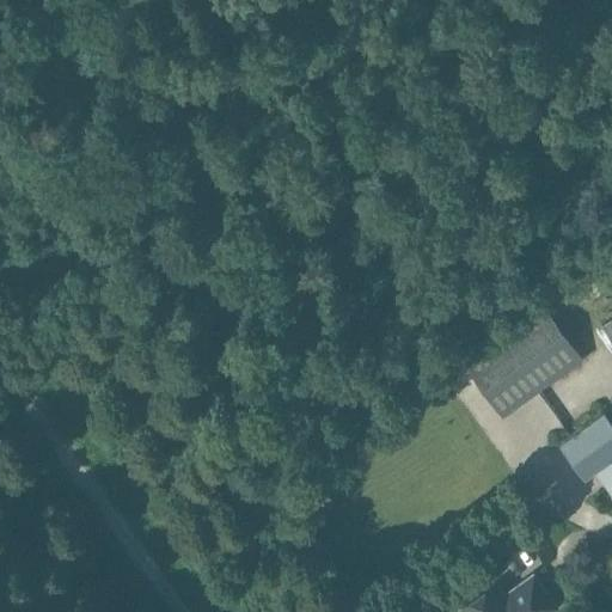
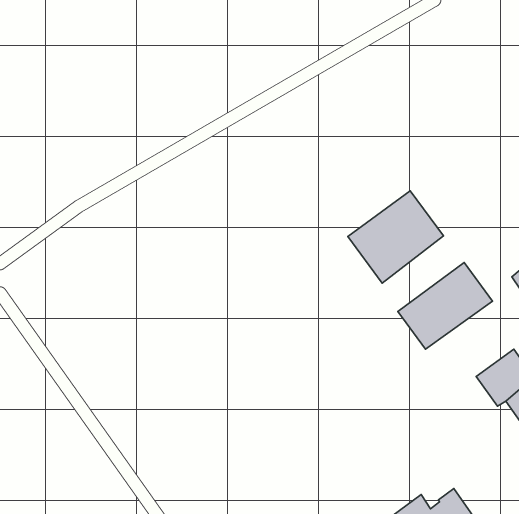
building: none -> [348,191,444,283]

